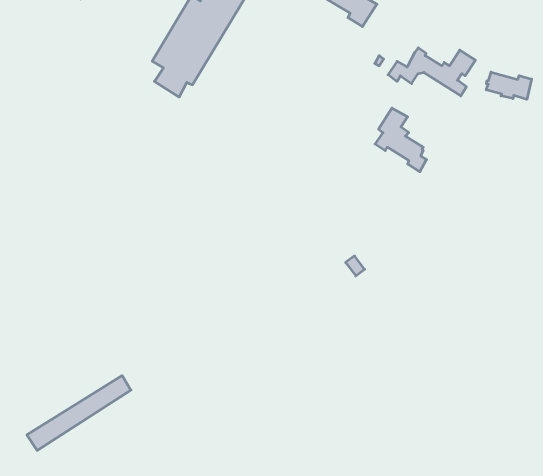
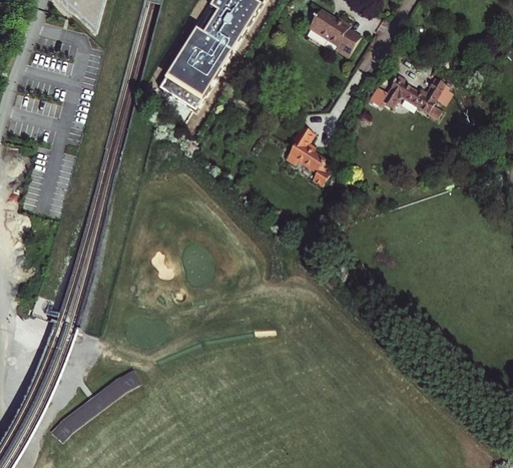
building: [486,72,532,99] -> none
building: [375,108,427,172] -> [286,124,332,181]

